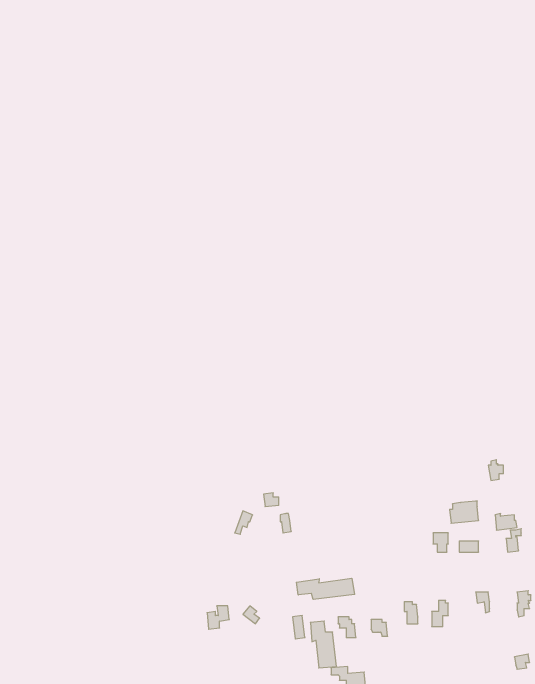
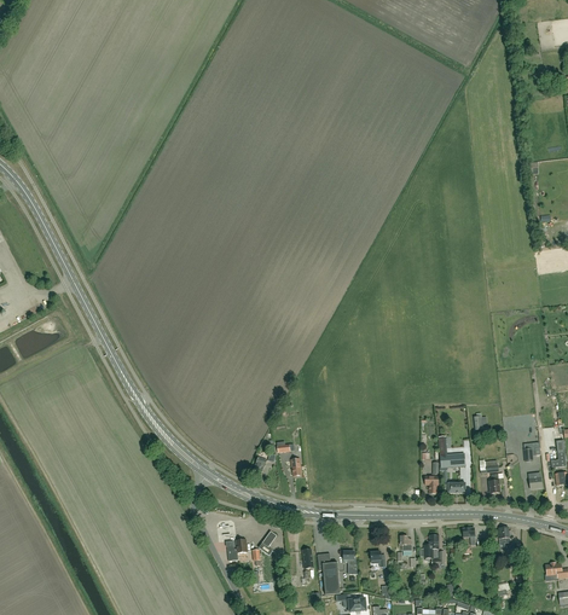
building: [296,578,355,599] -> none

